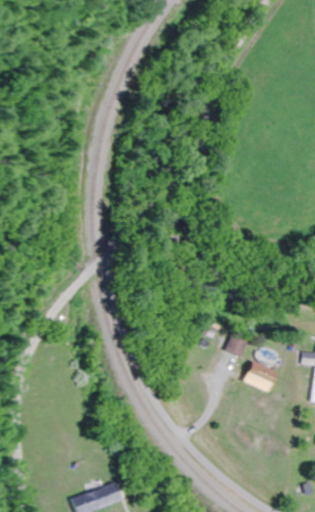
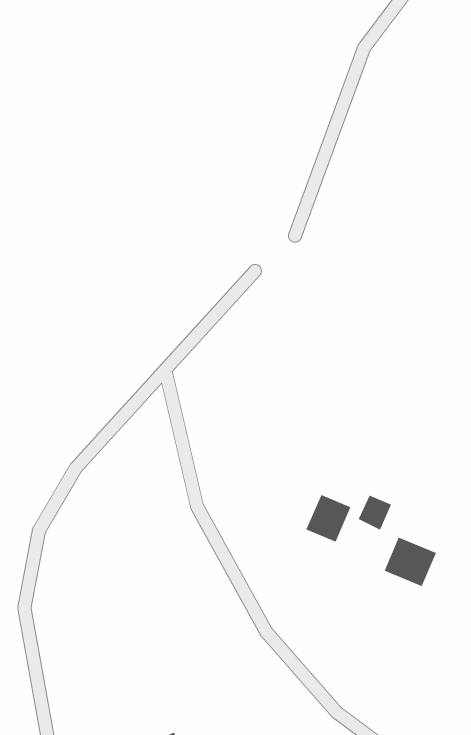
building: none -> [306,494,351,543]

